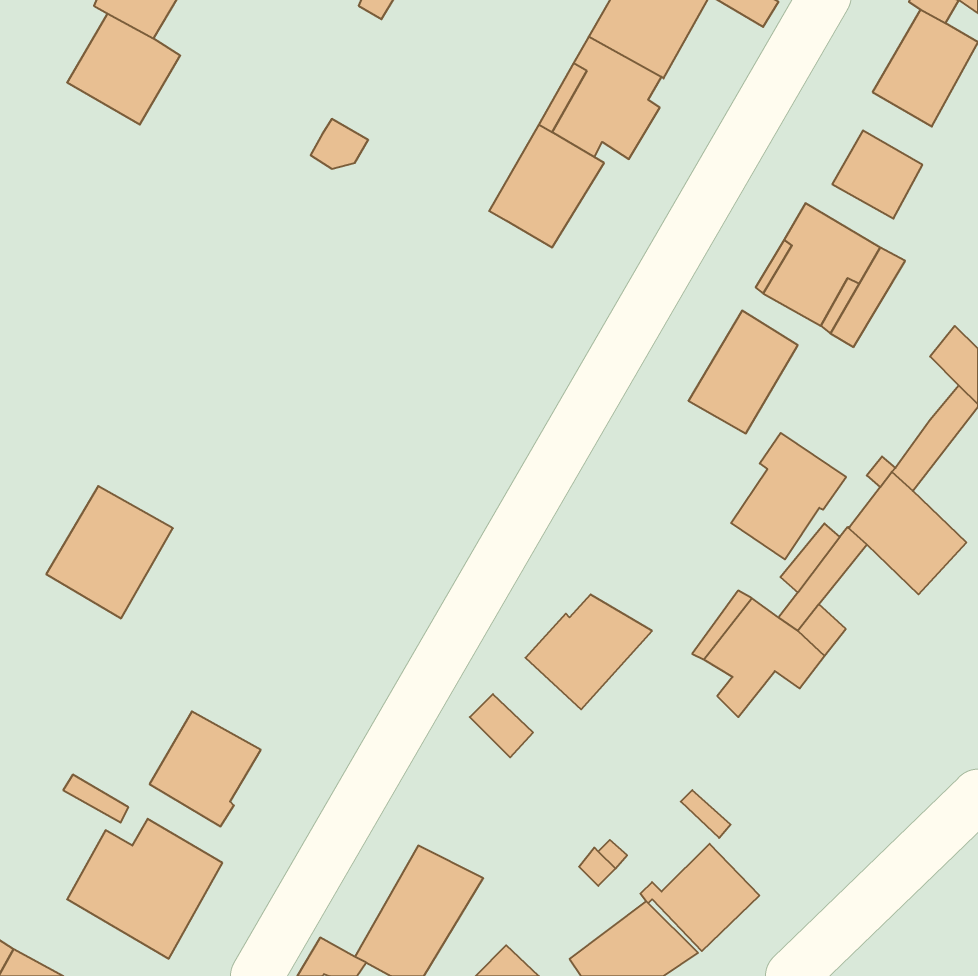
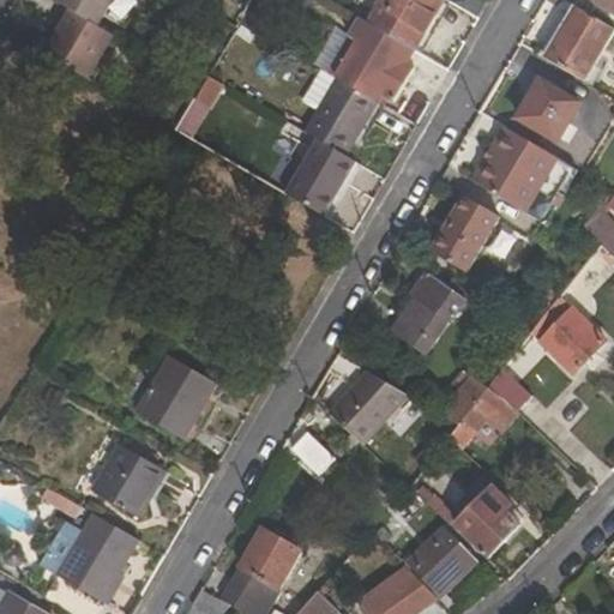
building: none -> [284,138,357,216]
building: [731,433,846,559] -> [393,272,465,351]
building: [46,486,173,618] -> [137,355,216,438]
building: none -> [455,488,517,555]

